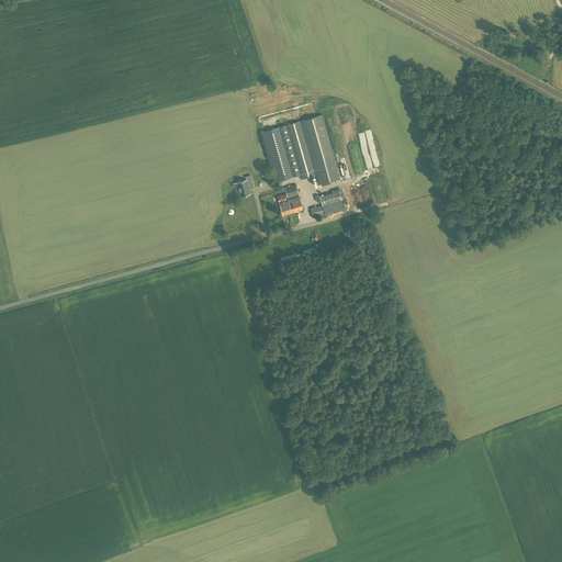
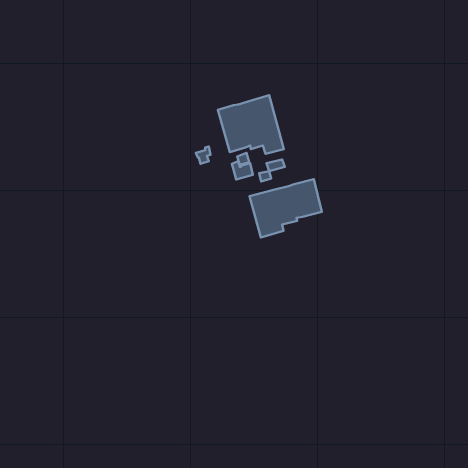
building: none -> [250,179,322,237]

